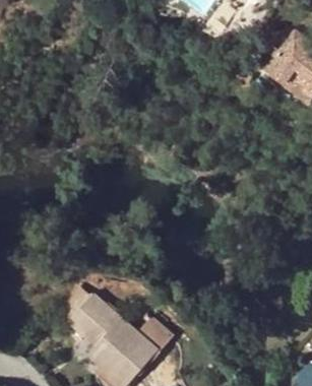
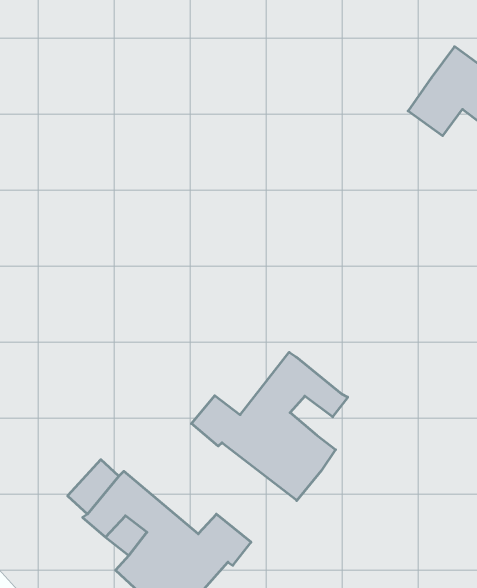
building: none -> [191,352,348,501]

